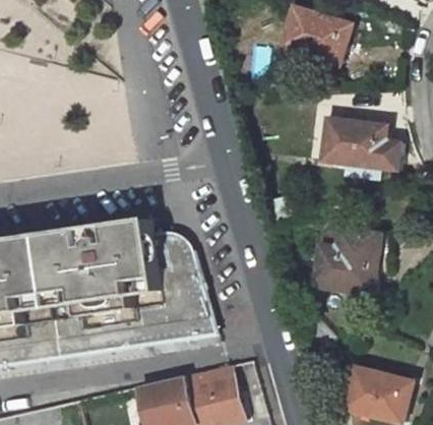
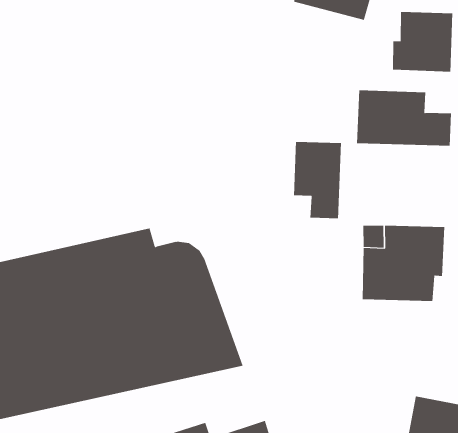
building: none -> [392,11,453,73]
building: none -> [293,141,342,219]

